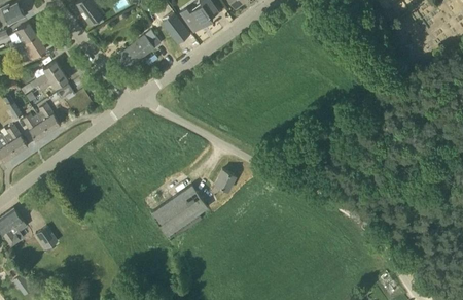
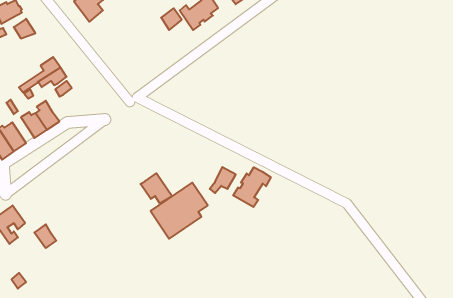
building: [116,31,161,69] -> none
building: [10,36,46,59] -> none
building: none -> [233,167,271,207]
building: none -> [140,173,172,203]

